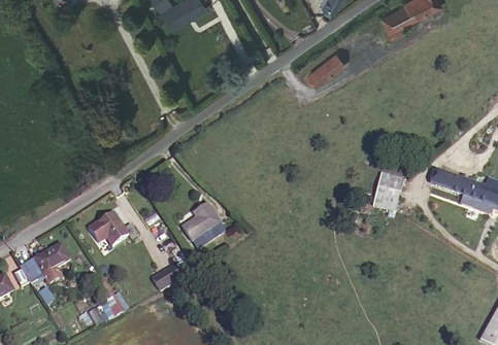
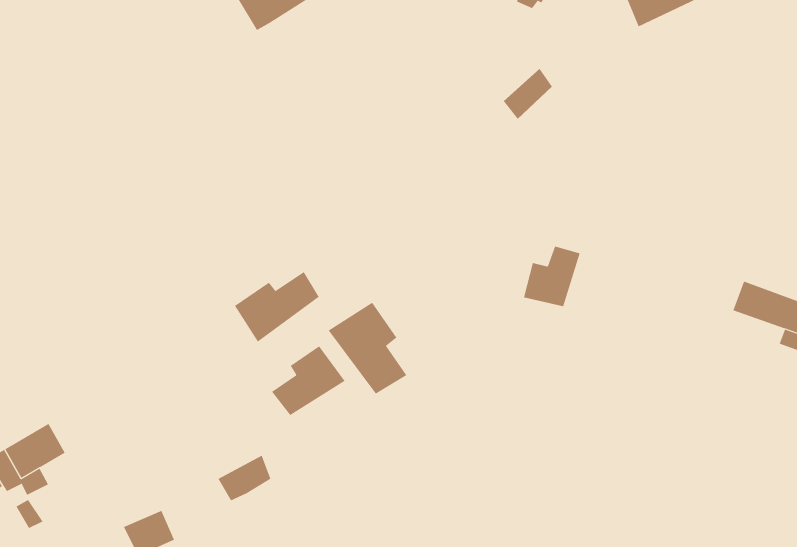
building: none -> [234,271,319,343]
building: [374,173,406,207] -> [523,246,580,307]
building: none -> [328,302,407,395]
building: [90,214,139,248] -> none

